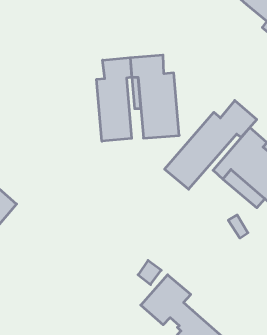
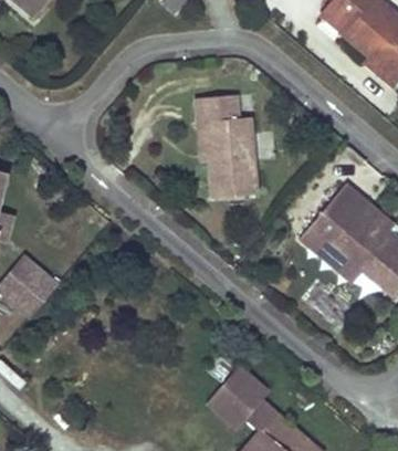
building: [97,58,132,141] -> none
building: [165,100,257,189] -> none

